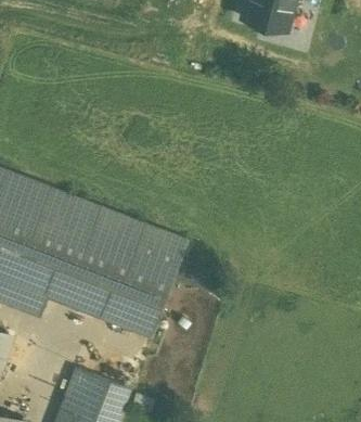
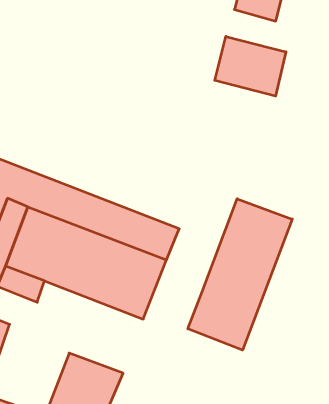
building: none -> [215,36,286,96]
building: none -> [188,199,292,350]

